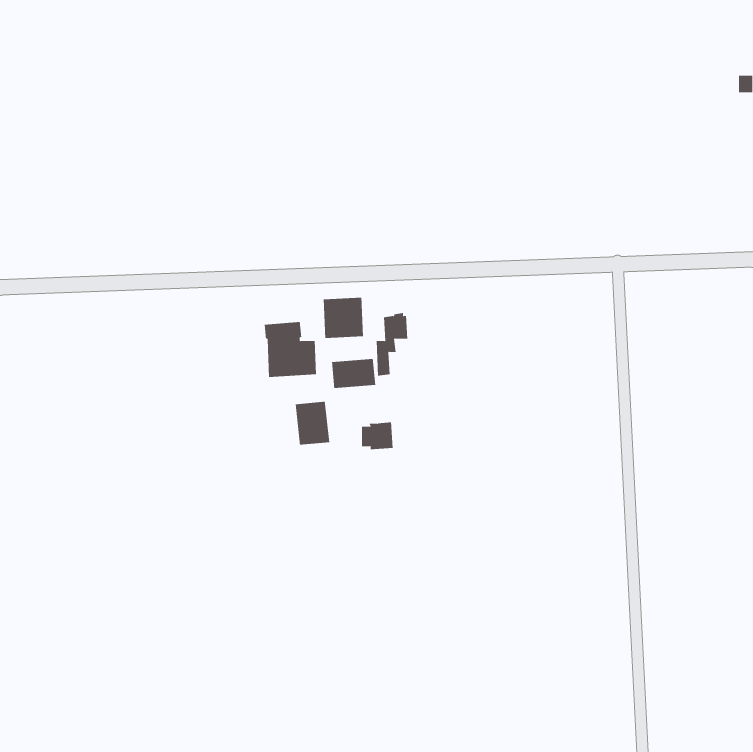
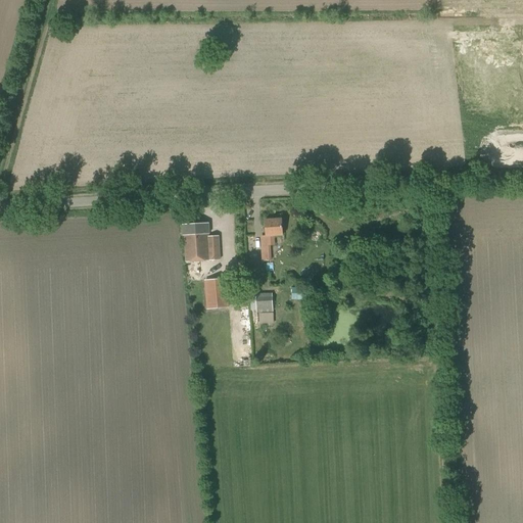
building: [323,297,363,339] -> none
building: [331,358,376,389] -> none

